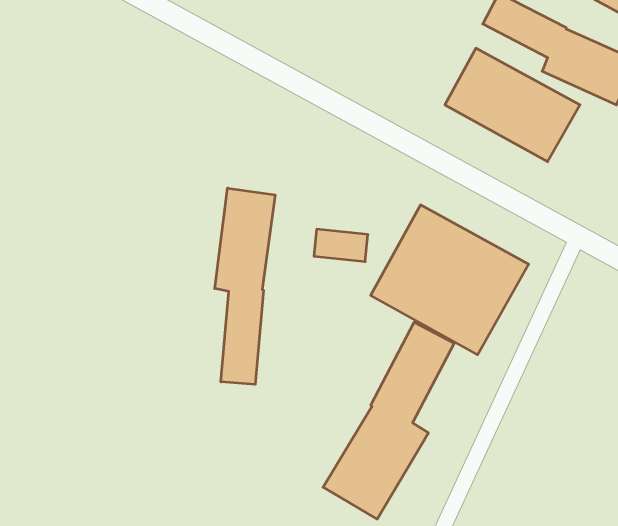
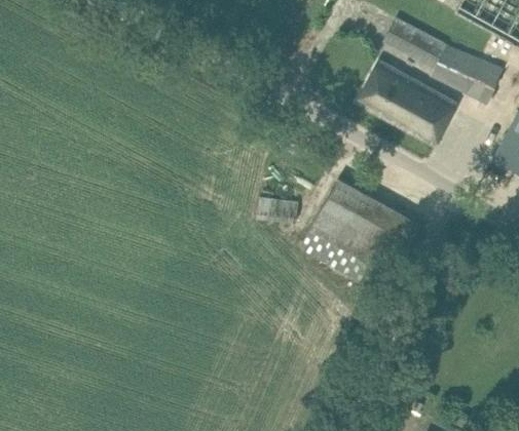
building: [215,188,275,384] -> none
building: [323,322,454,519] -> none

